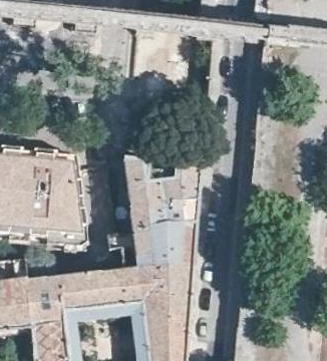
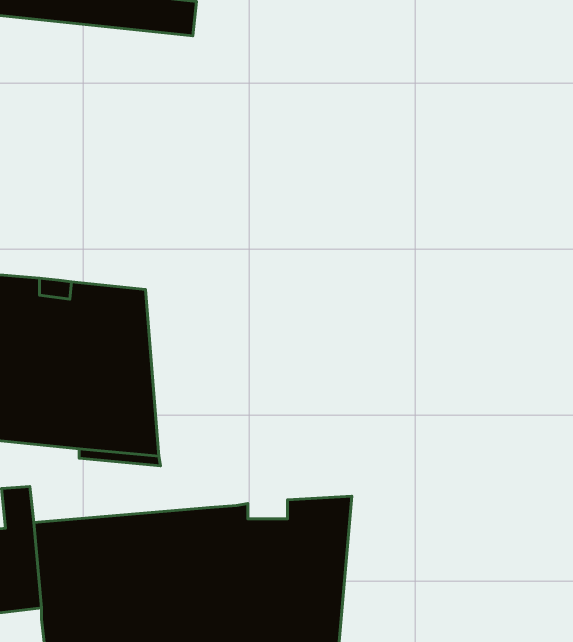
building: [108,159,199,279] -> none

